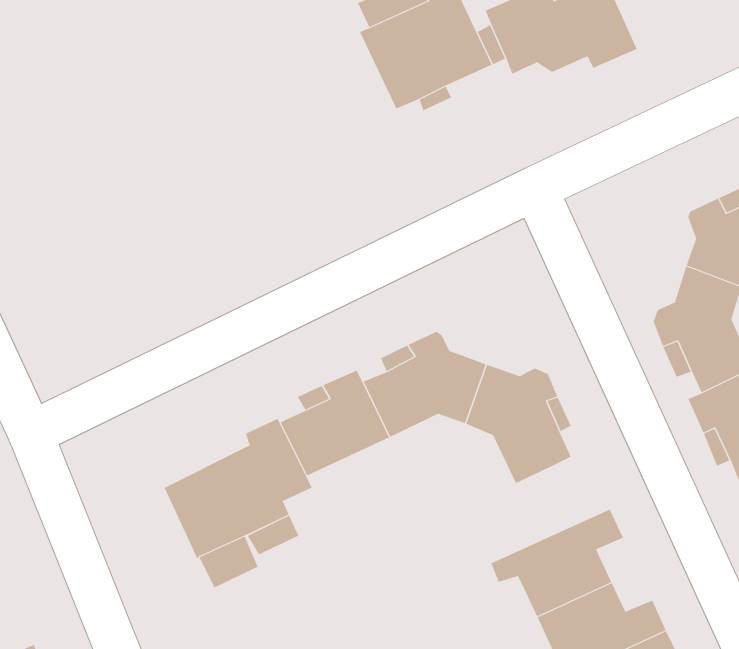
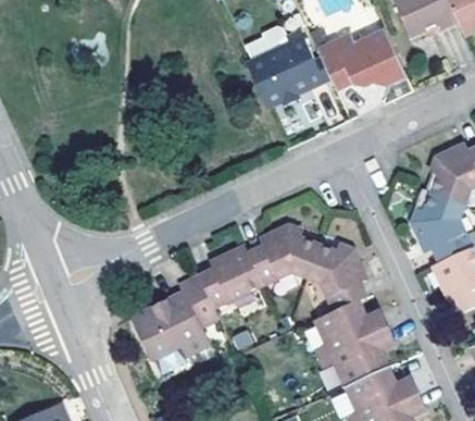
building: none -> [314,301,387,357]

